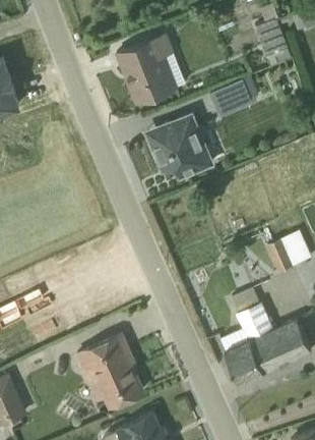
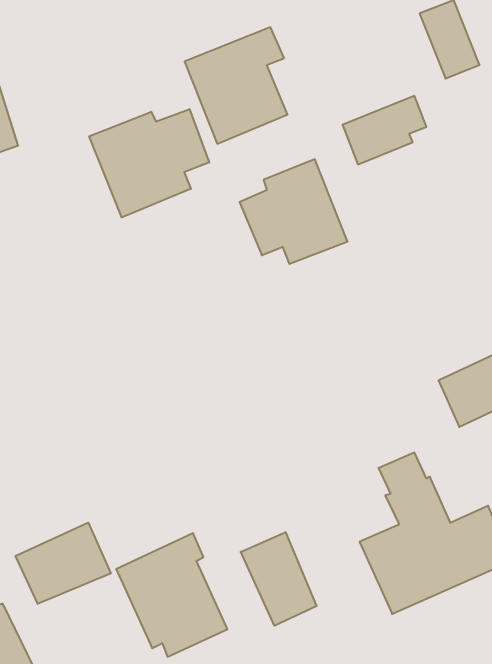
building: none -> [89,109,209,217]
building: none -> [15,523,111,604]
building: none -> [241,532,317,626]

